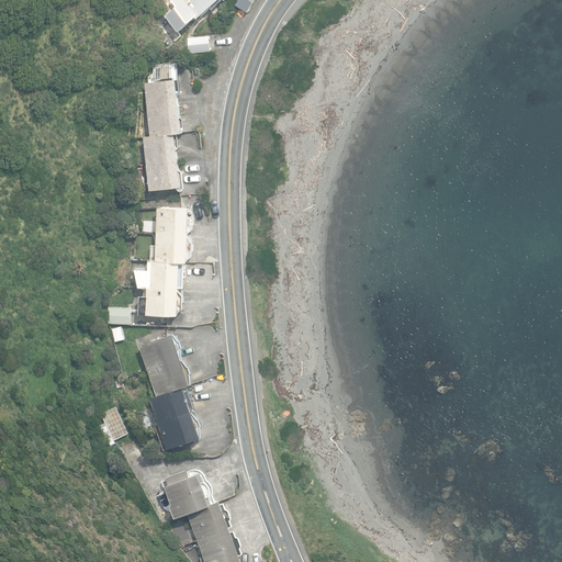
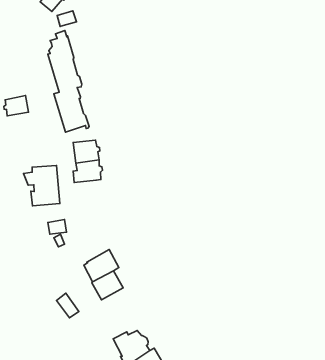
building: none -> [4,96,28,116]
building: [139,263,186,318] -> [24,165,60,206]
building: [143,335,184,371] -> none
building: [162,414,203,450] -> none

